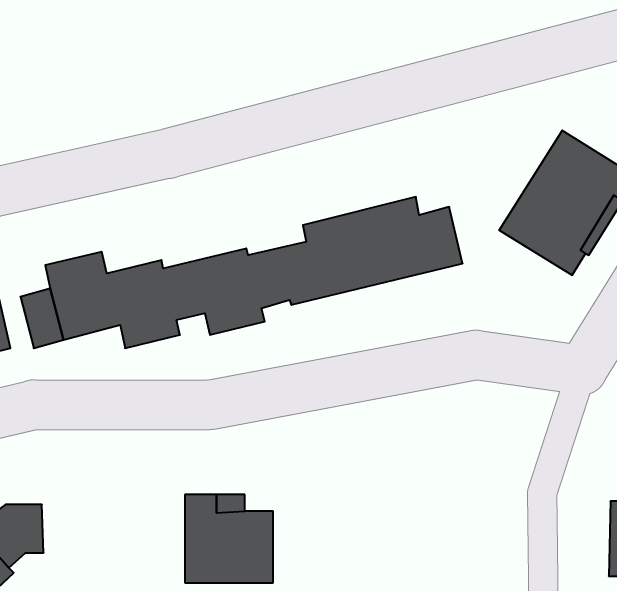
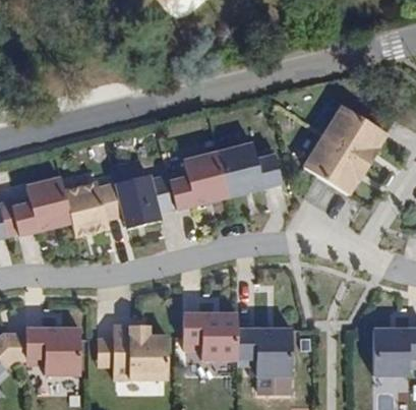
building: none -> [184,313,292,375]
building: none -> [26,329,81,375]

